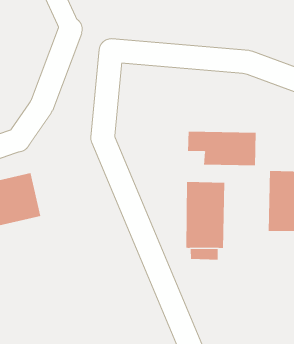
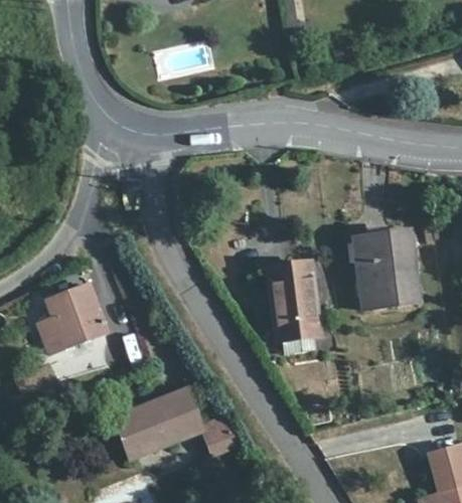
building: [187,131,256,166] -> none
building: none -> [115,388,239,459]

